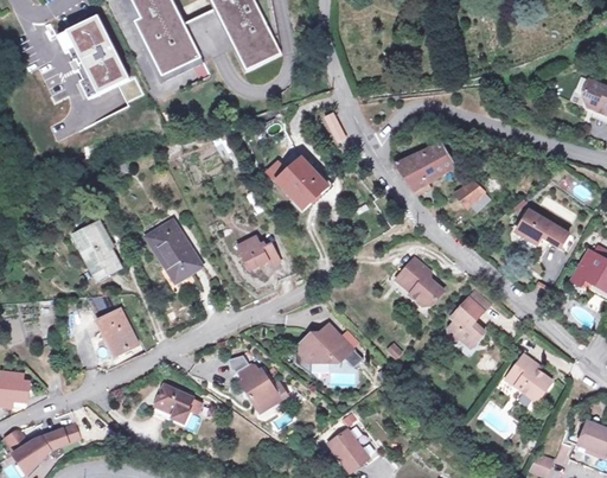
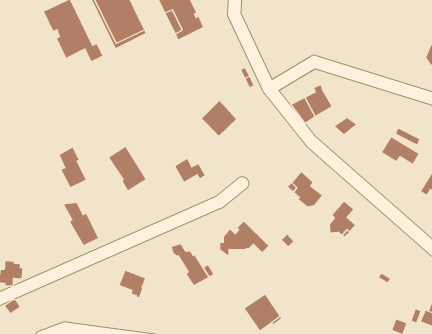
building: [509,349,552,395] -> none
building: [17,423,81,470] -> none

